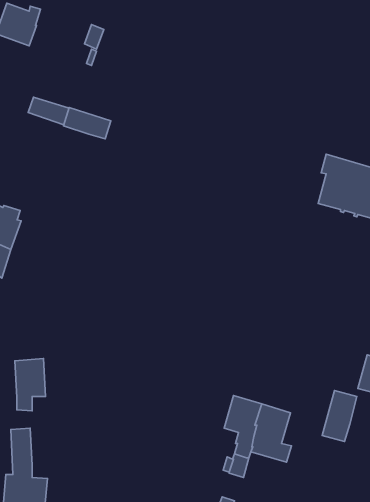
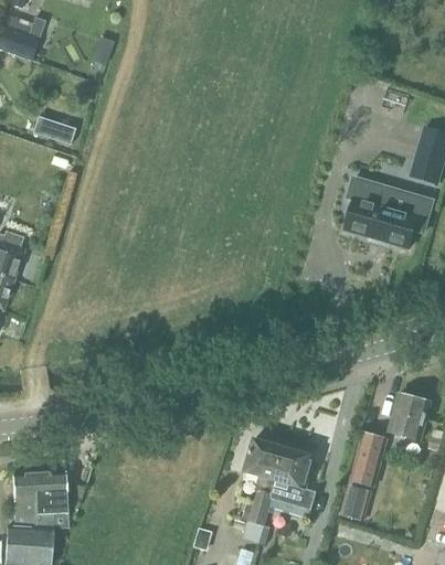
building: [64,108,111,139] -> none
building: [15,359,45,411] -> [33,470,66,526]
building: none -> [339,483,369,520]

